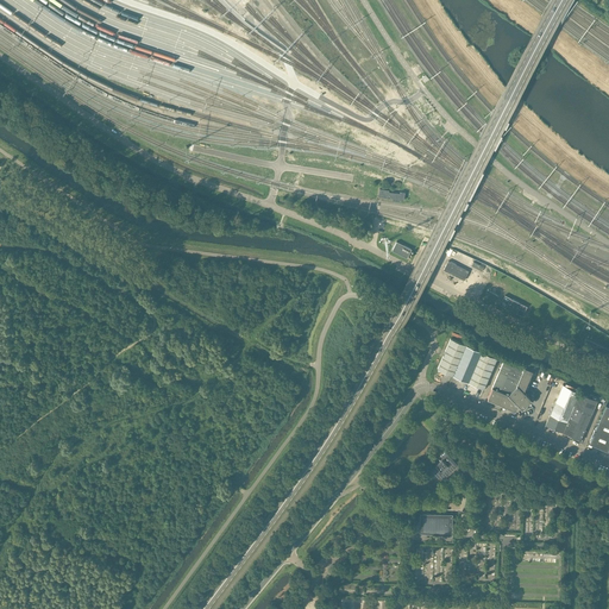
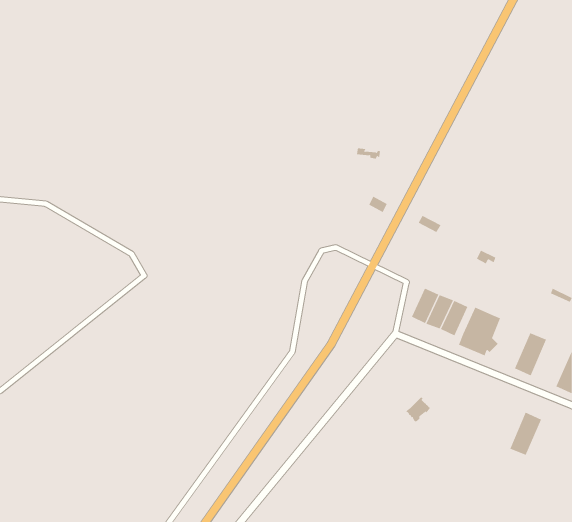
building: [564,394,598,440] -> [509,412,542,455]
building: [420,515,452,534] -> none

